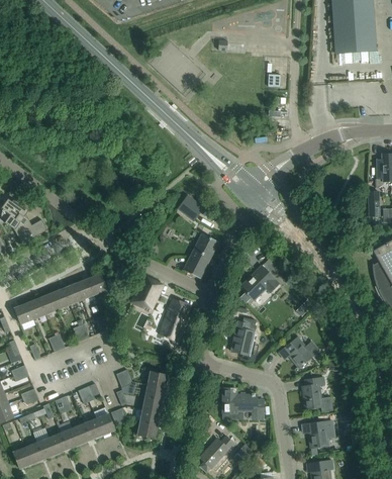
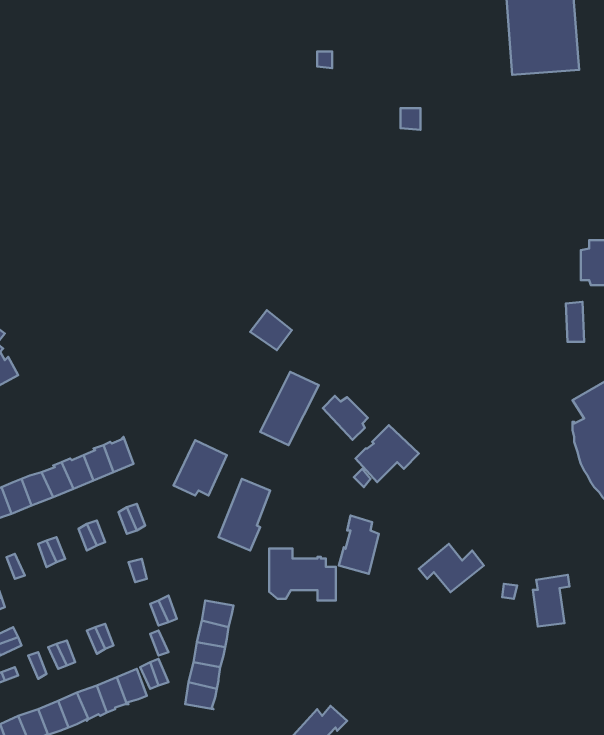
building: none -> [323,396,368,440]
building: [302,377,324,408] -> [533,575,570,626]
building: [222,388,263,419] -> [269,549,336,600]
building: [301,420,335,448] -> none

